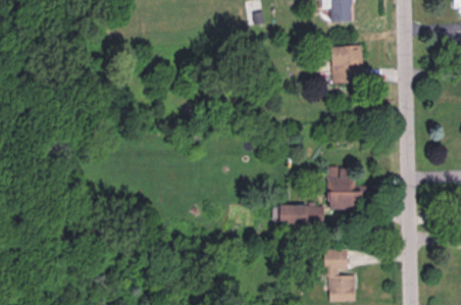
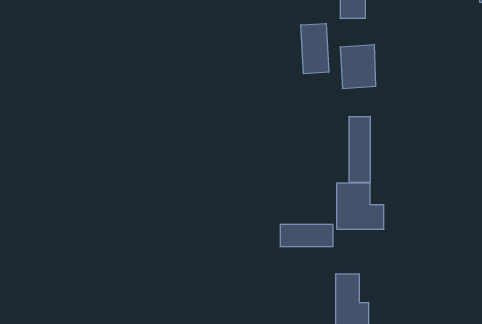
building: none -> [301,23,329,74]
building: none -> [349,116,370,183]

